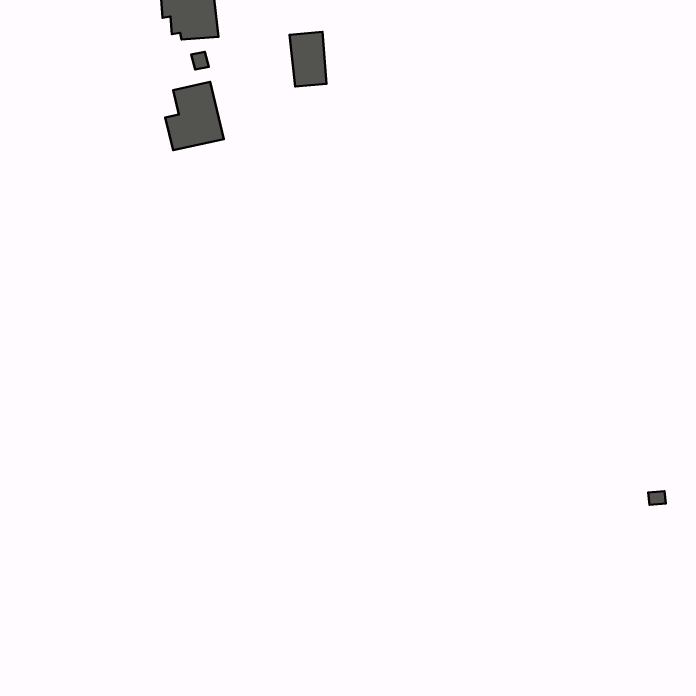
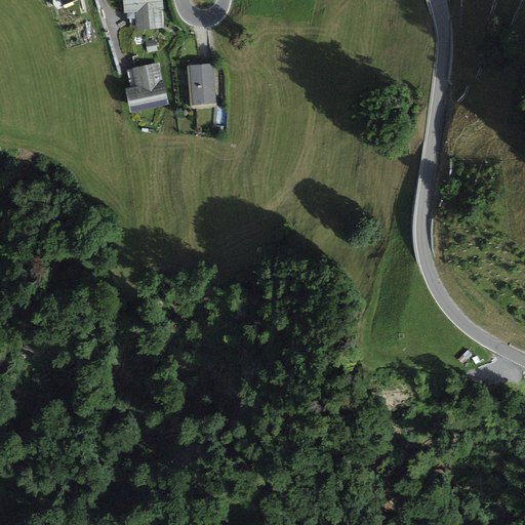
building: [290,32,326,87] -> [188,64,215,105]

